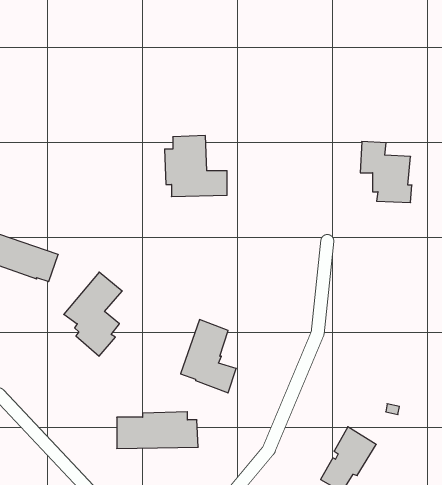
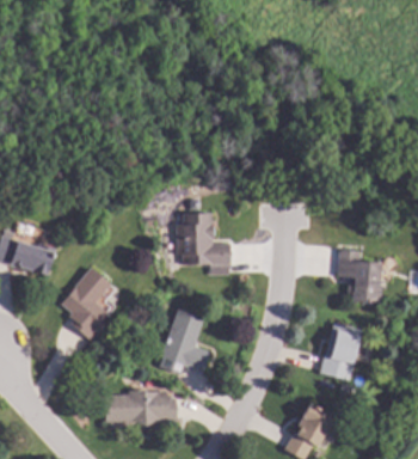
building: [165,136,227,197] -> [176,213,230,267]
building: [360,142,412,203] -> [337,250,382,304]
building: none -> [318,323,363,382]

